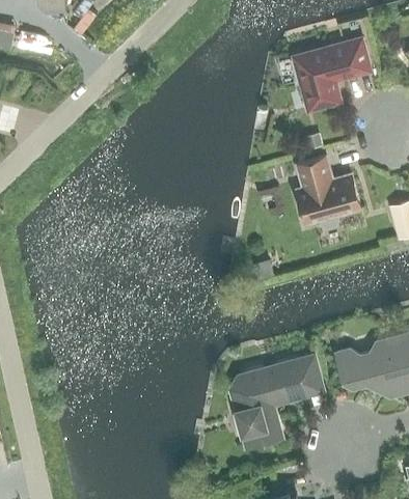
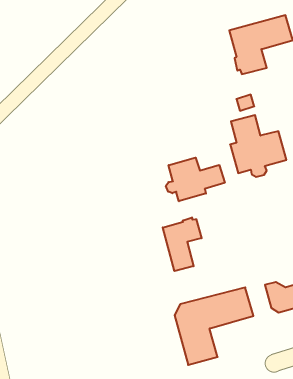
building: none -> [166,158,225,201]
building: none -> [163,217,202,271]

